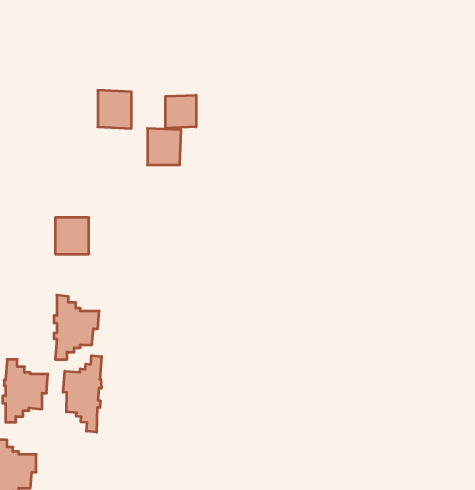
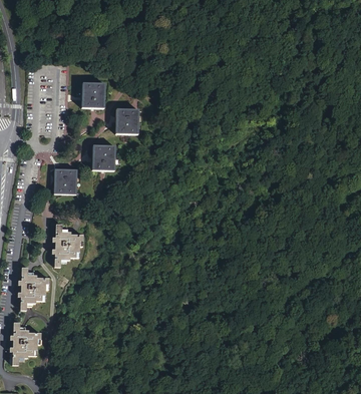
building: [166,95,196,128] -> none
building: none -> [92,146,115,171]
building: [63,356,102,432] -> none

